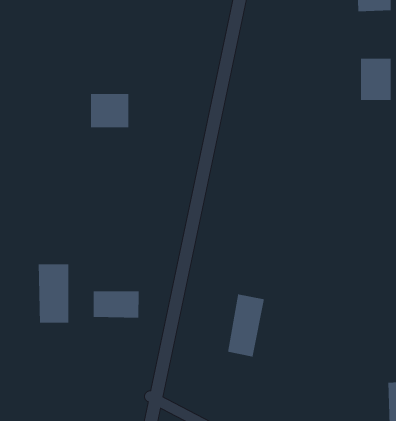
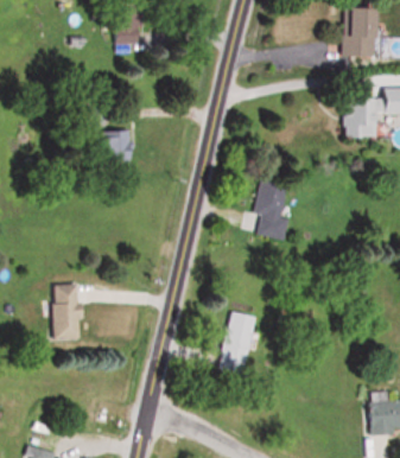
building: none -> [252,179,291,241]
building: [93,291,139,319] -> none

